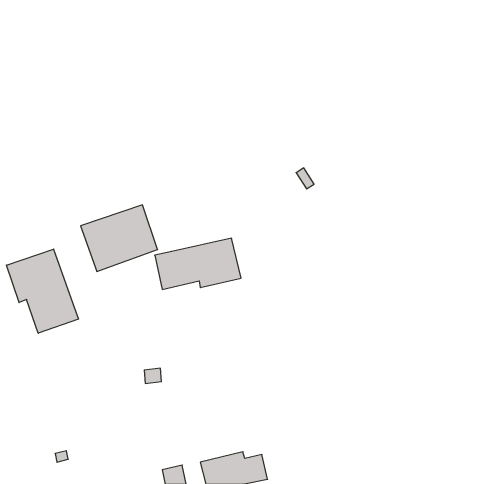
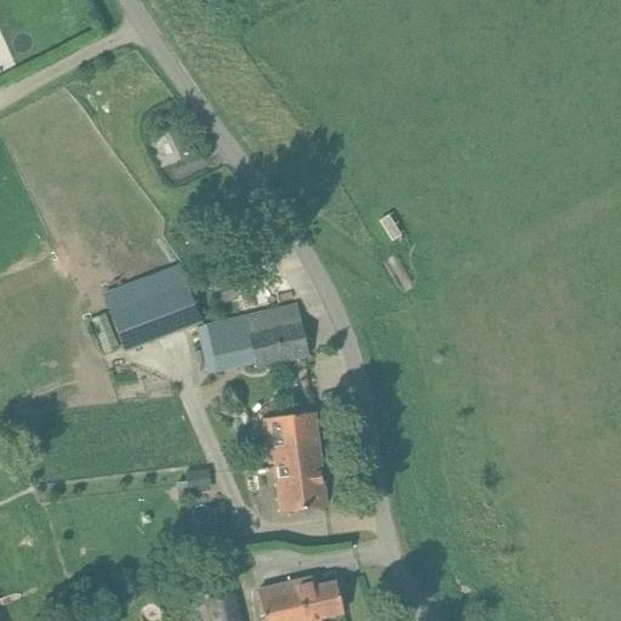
building: [6,249,78,333] -> none
building: none -> [266,412,325,512]

